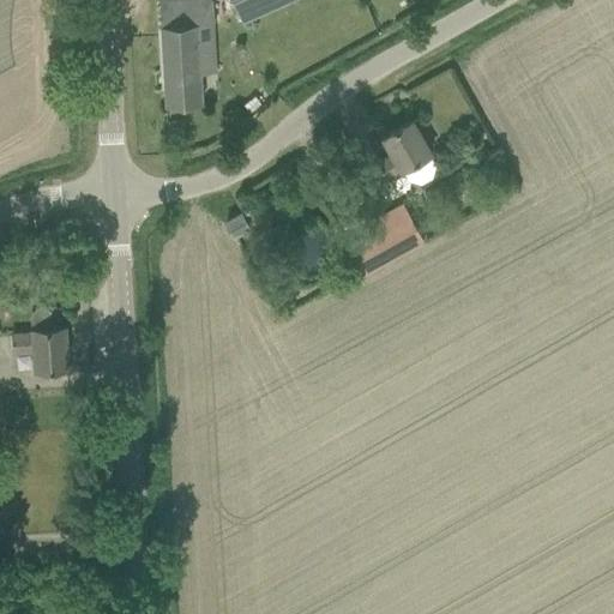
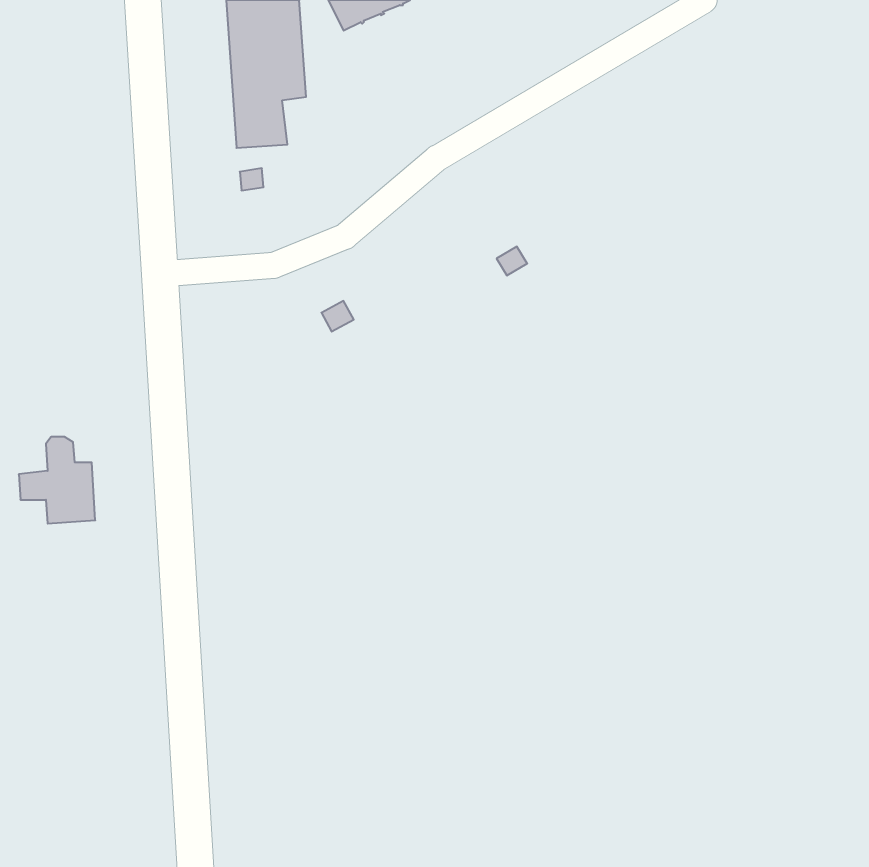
building: [378,120,435,183] -> none
building: [374,219,422,261] -> none

